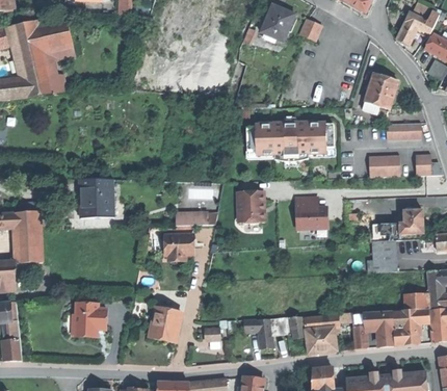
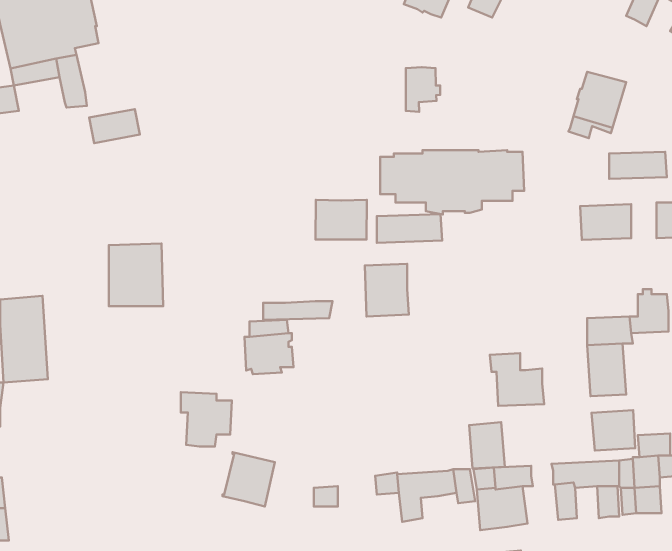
building: none -> [406,67,440,112]
building: [22,76,53,97] -> [89,109,140,143]
building: none -> [315,200,367,240]
building: none -> [377,214,442,243]
building: [294,196,327,228] -> [490,353,544,406]
building: none -> [591,410,635,451]
building: none -> [469,422,505,469]
building: [76,303,107,336] -> [181,392,232,446]

